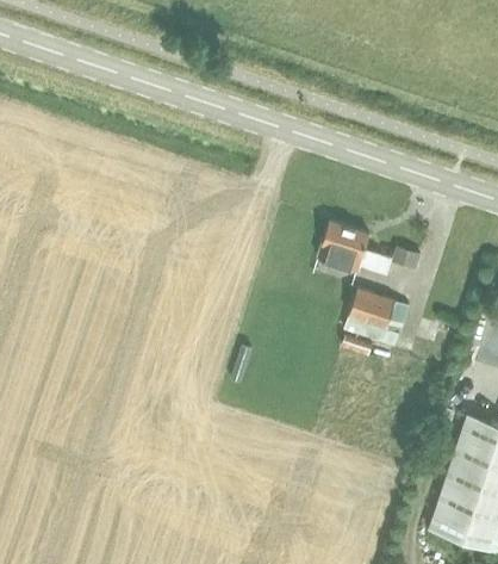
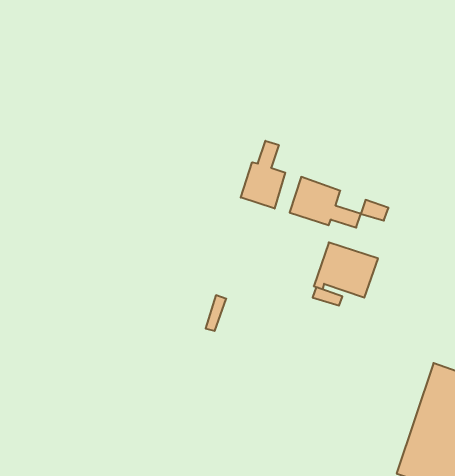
building: none -> [241,141,285,209]

